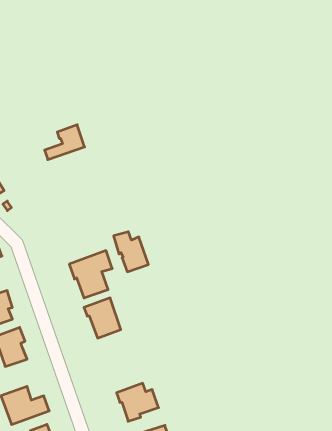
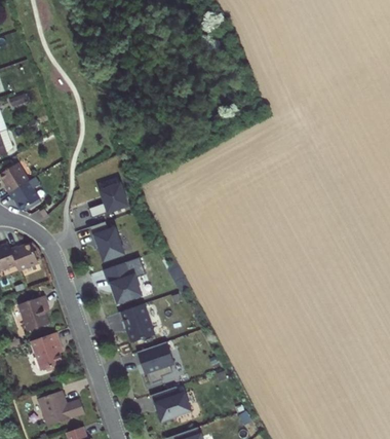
building: [45,125,85,160] -> [88,184,127,218]
building: [114,232,148,272] -> [90,222,124,261]
building: none -> [136,341,173,383]

